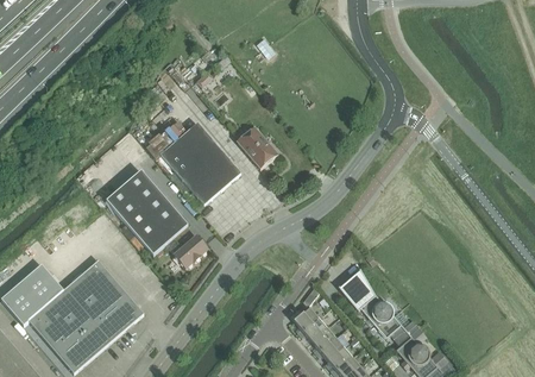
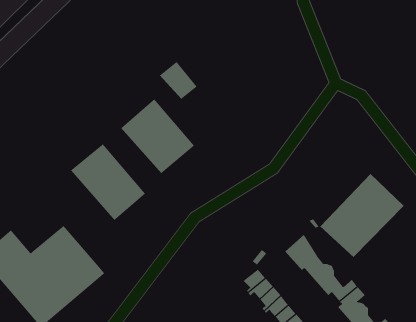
building: [237,126,278,168] -> [159,61,197,100]
building: none -> [320,173,404,258]
building: [175,235,208,268] -> none

